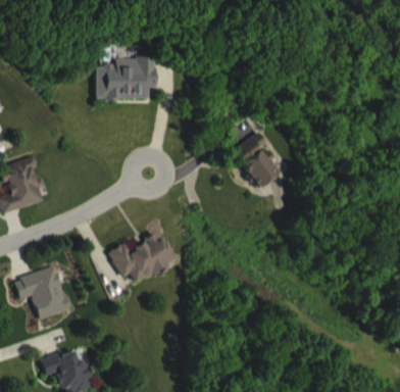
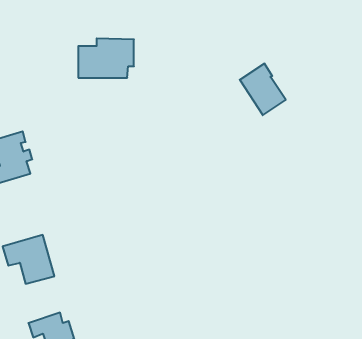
building: [233,133,282,188] -> [240,64,286,115]
building: [107,234,177,284] -> none

